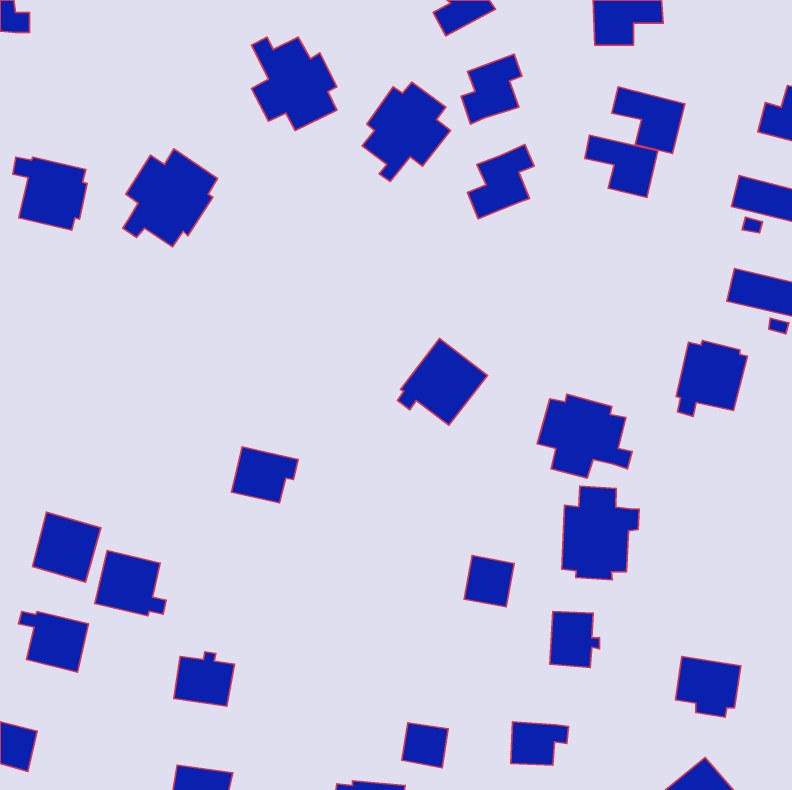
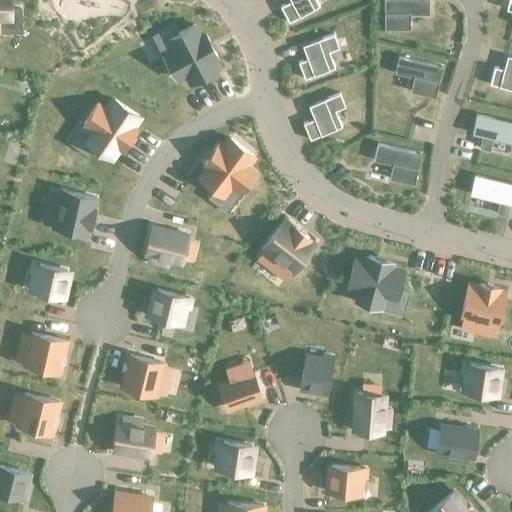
building: [362,82,451,182] -> [199,140,256,204]
building: [585,135,658,197] -> [374,147,421,187]
building: [13,157,87,230] -> [48,191,96,238]
building: [676,341,747,417] -> [460,283,506,332]
building: none -> [143,227,188,268]
building: none -> [29,262,67,299]
building: [562,486,639,580] -> none
building: [95,551,166,616] -> [121,355,167,397]
building: none -> [461,363,498,397]
building: none -> [219,369,261,409]
building: [402,723,448,768] -> [220,445,250,474]

